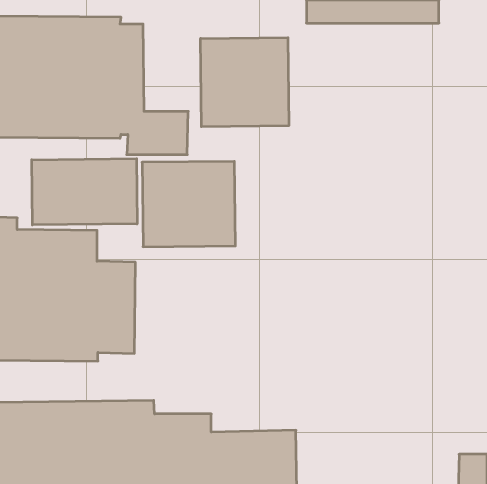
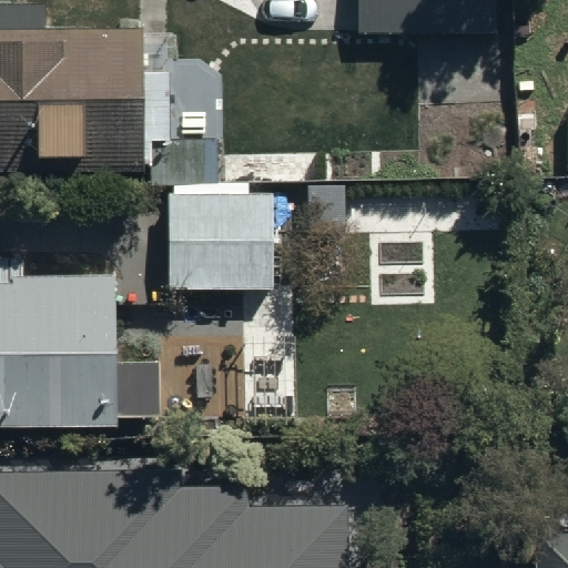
building: [201,38,289,127] -> none
building: [32,159,137,225] -> none

